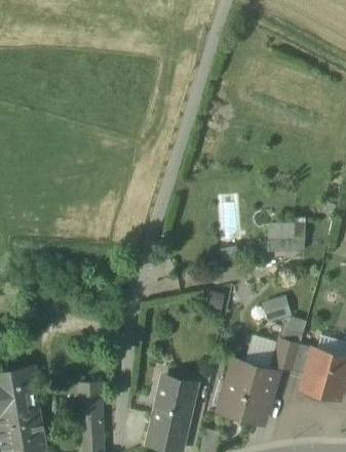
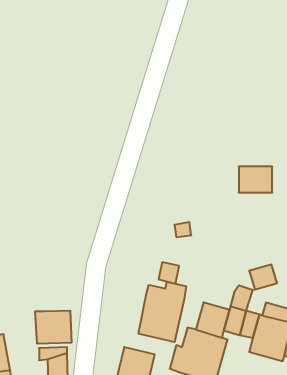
building: [267,222,304,251] -> [239,167,272,193]
building: [260,295,291,323] -> [249,264,277,290]
building: none -> [138,282,186,342]
building: none -> [35,311,71,344]

